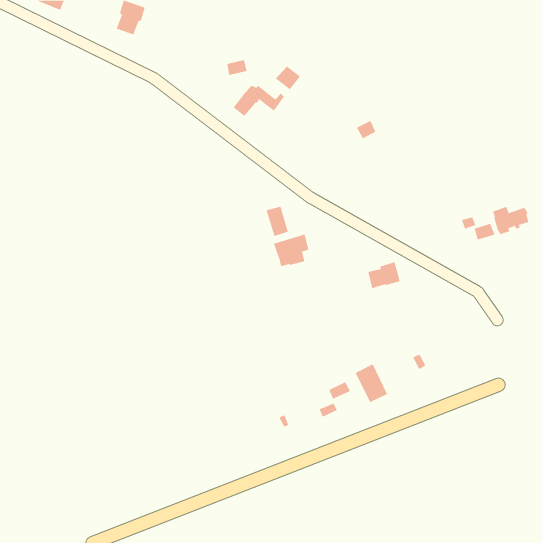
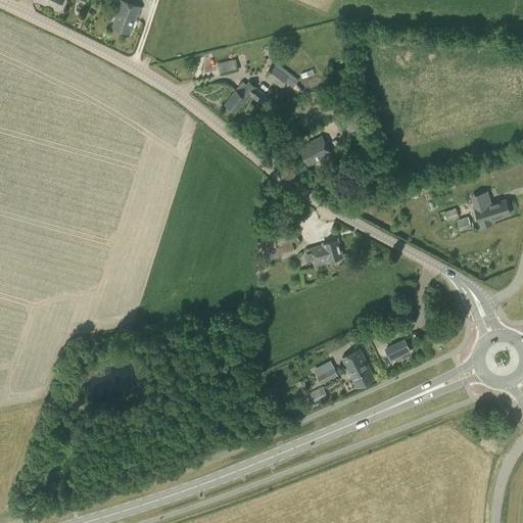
building: none -> [299,136,334,167]
building: [266,206,288,237] -> none
building: [367,261,400,289] -> [311,238,342,265]

